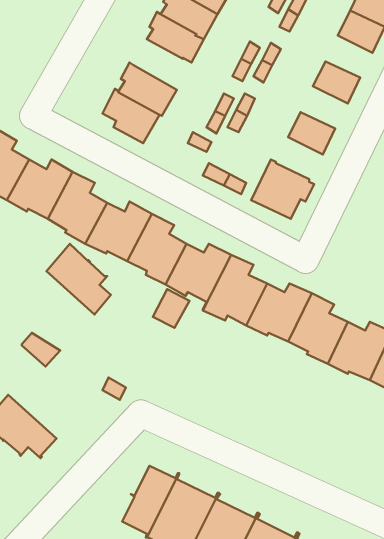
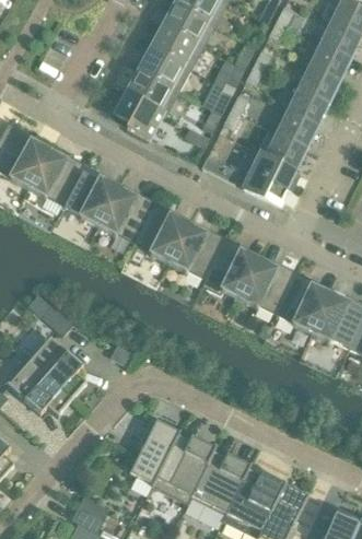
building: none -> [308,43,350,80]
building: none -> [139,44,190,91]
building: none -> [287,87,328,125]
building: none -> [265,132,306,169]
building: [46,244,111,315] -> [28,336,85,398]
building: [153,289,189,328] -> none

